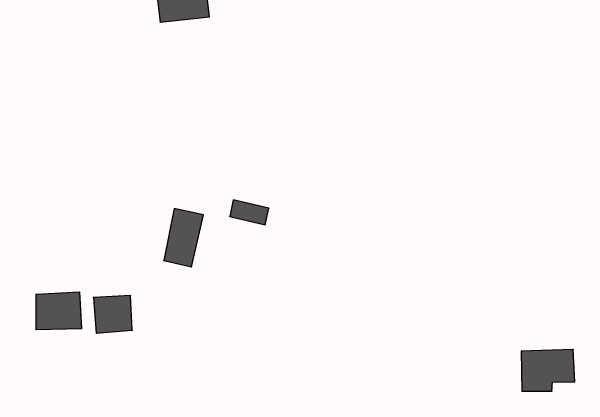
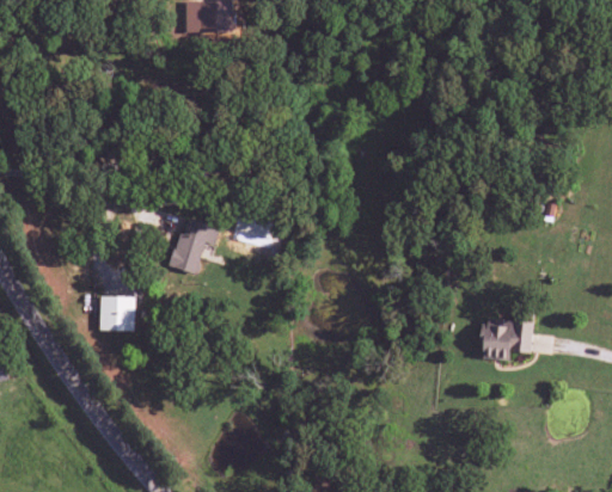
building: [36,292,81,330] -> none
building: [521,349,575,391] -> [481,319,533,359]

